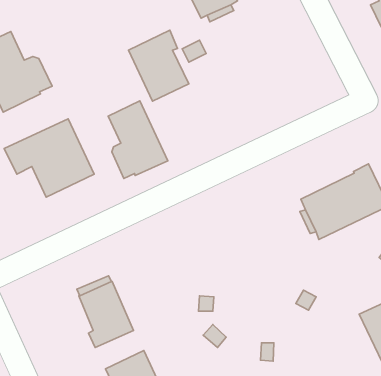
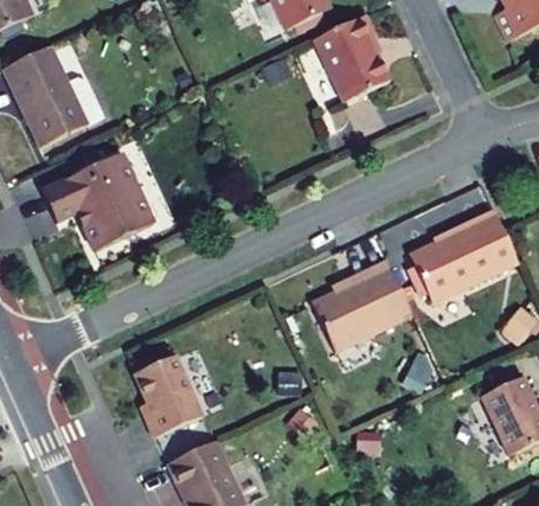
building: [129,30,189,101] -> [314,13,389,101]
building: [108,101,168,179] -> none
building: none -> [312,260,411,350]

